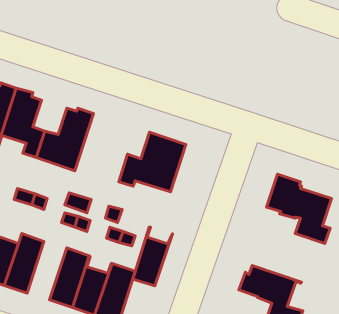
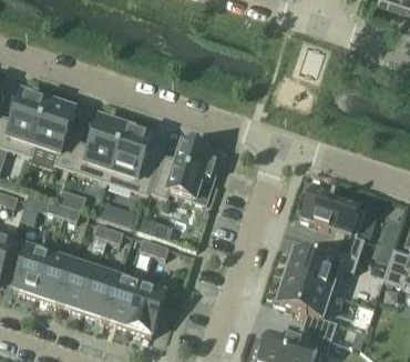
building: none -> [106,123,155,193]
building: [133,227,172,286] -> [59,252,99,311]
building: none -> [284,244,358,293]

